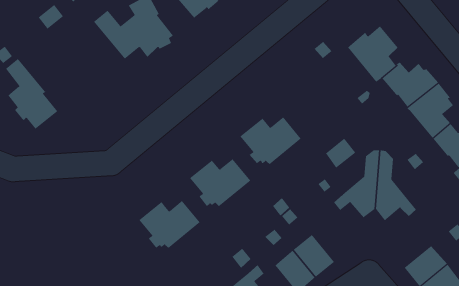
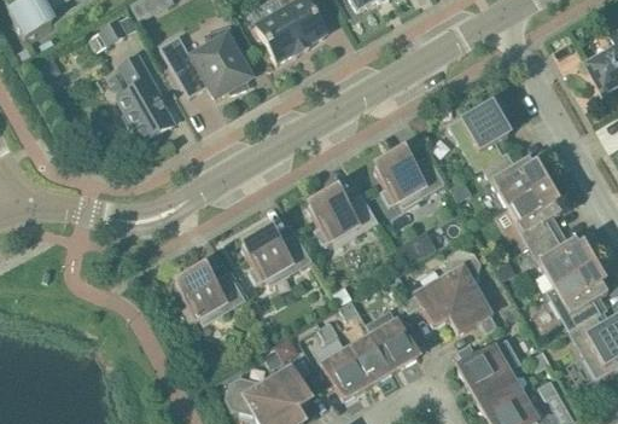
building: [5,58,58,130] -> [118,53,174,139]
building: none -> [374,150,445,205]
building: none -> [367,308,425,368]
building: none -> [457,337,520,389]

